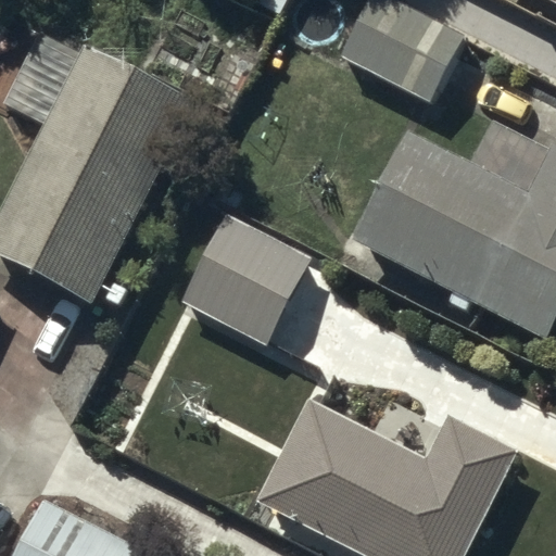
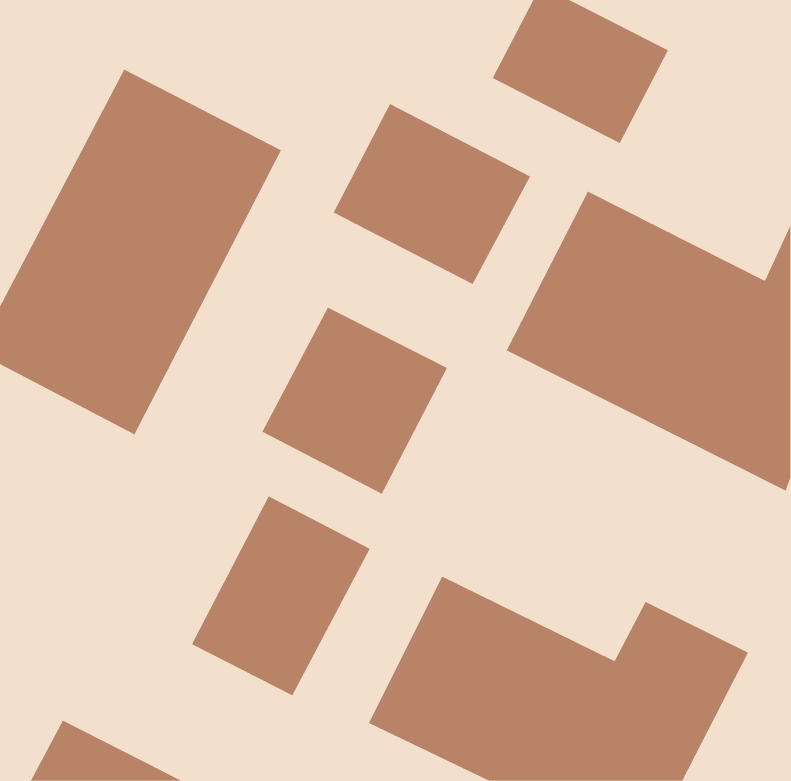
building: none -> [333,103,531,285]
building: none -> [191,496,370,696]

